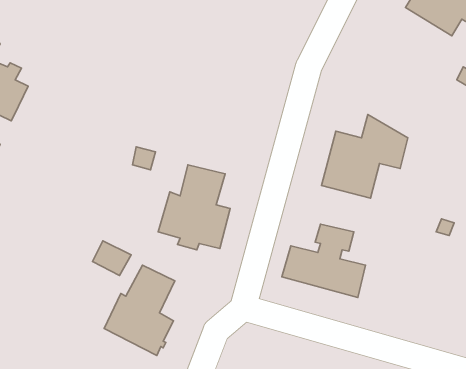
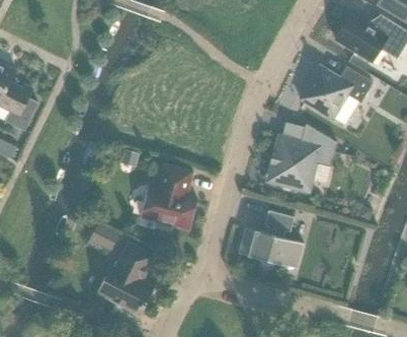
building: none -> [299,65,372,123]

